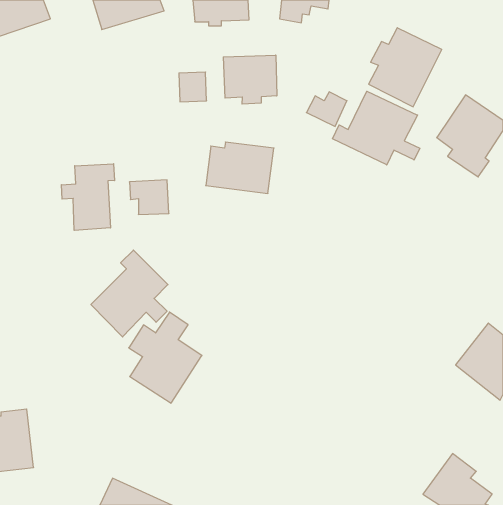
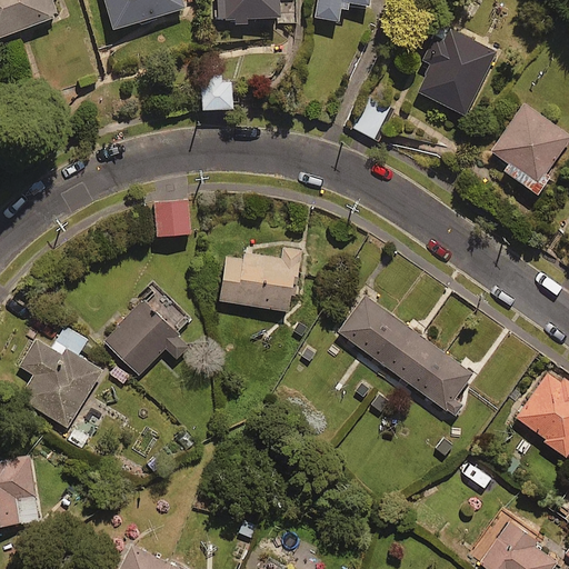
building: [223,55,277,104] -> none
building: [332,91,420,165] -> none
building: [206,142,274,193] -> [217,246,293,303]
building: [61,164,115,230] -> none
building: none -> [335,290,469,410]
building: [129,312,202,403] -> [19,328,101,430]

